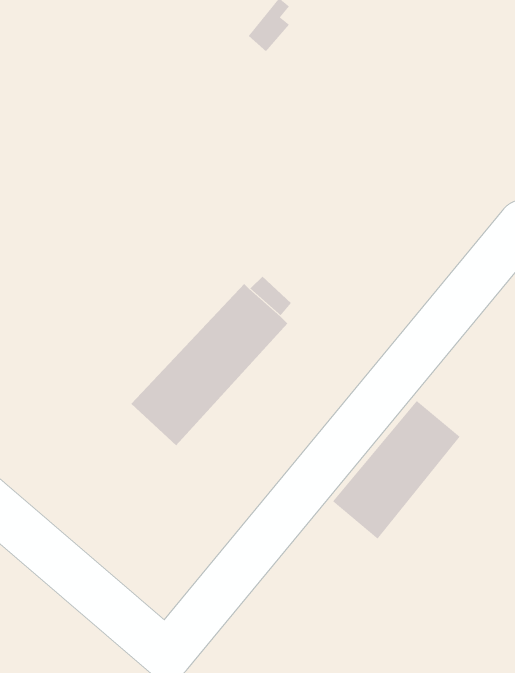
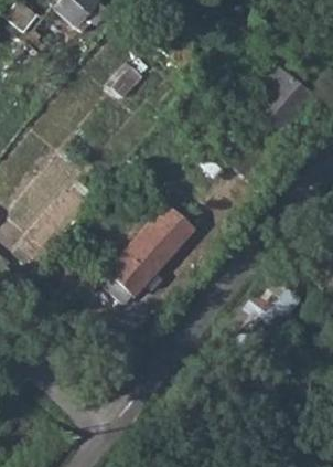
building: none -> [251,73,311,134]

